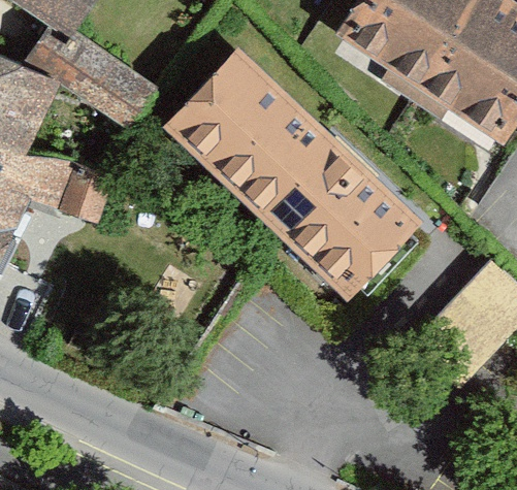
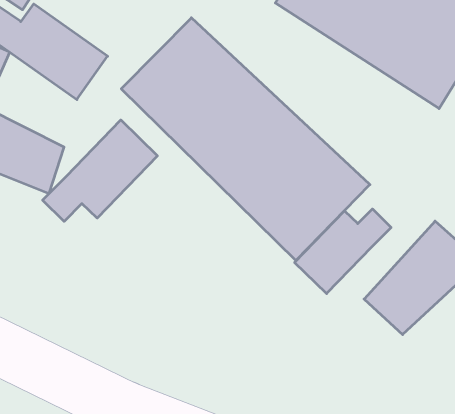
building: none -> [43,120,157,221]
building: none -> [295,209,391,294]

